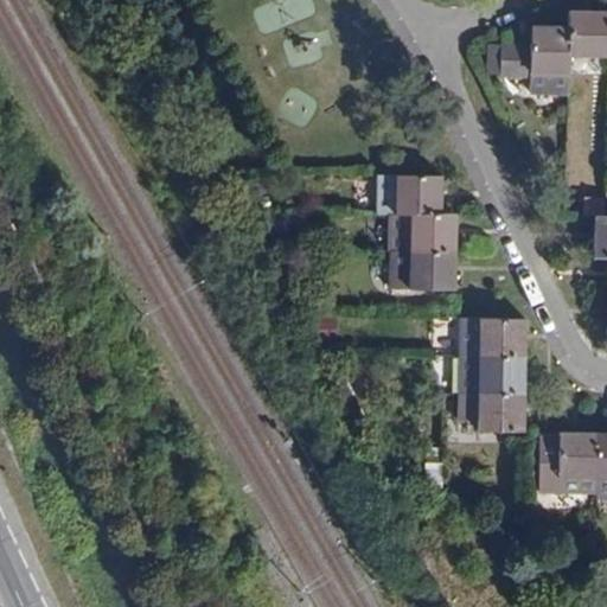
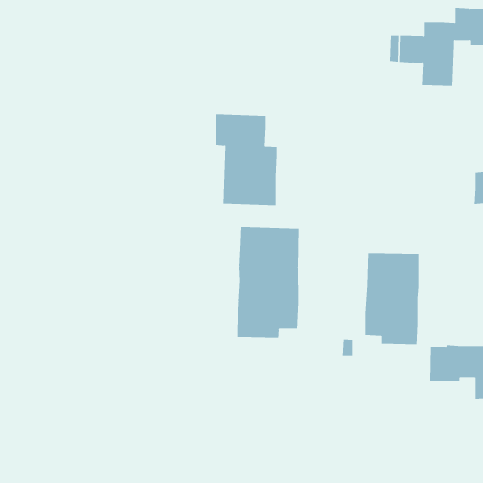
building: [378,174,456,289] -> [215,114,278,206]
building: none -> [237,226,299,339]

